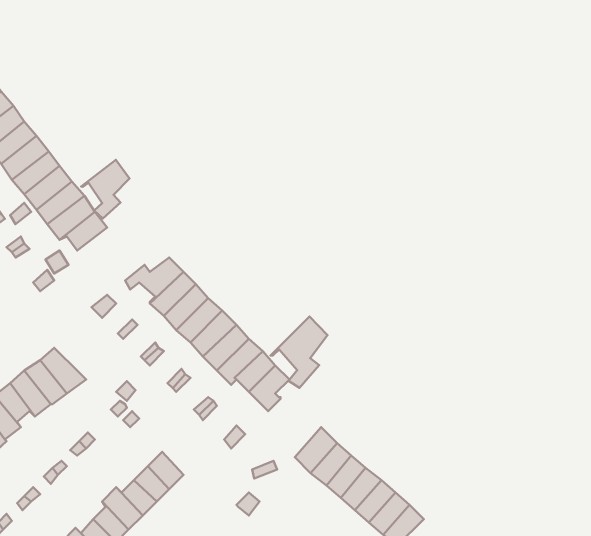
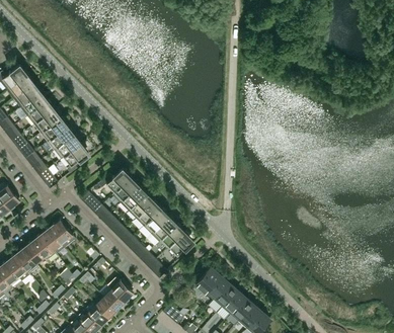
building: [81,160,129,218] -> none
building: [271,316,327,388] -> none

